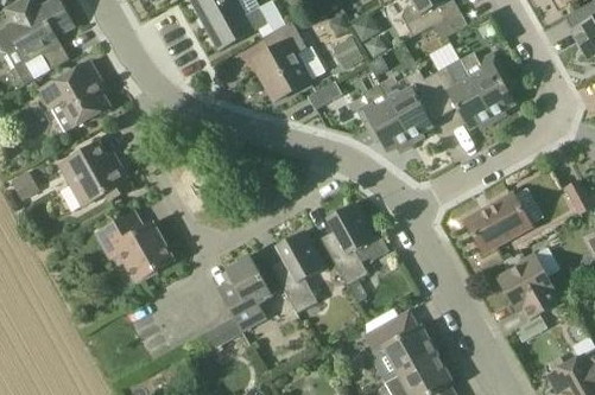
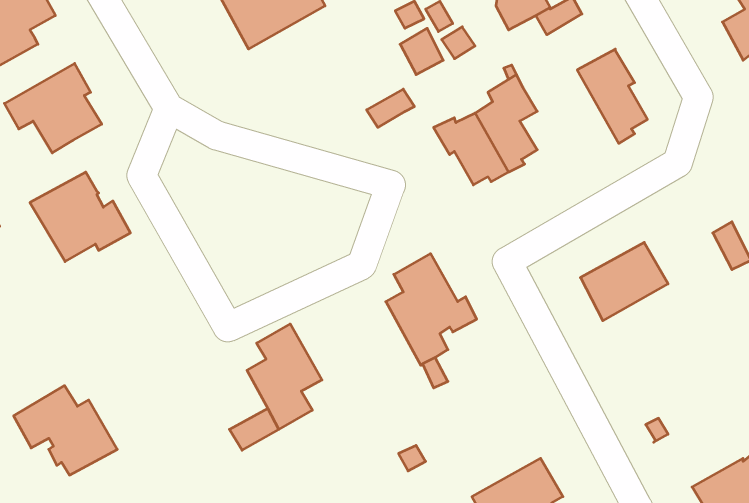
building: [257,20,312,101] -> none
building: [423,59,494,129] -> none
building: [95,212,172,279] -> [14,386,117,475]
building: [270,229,324,312] -> none
building: [498,255,562,319] -> none
building: [363,307,436,382] -> none

